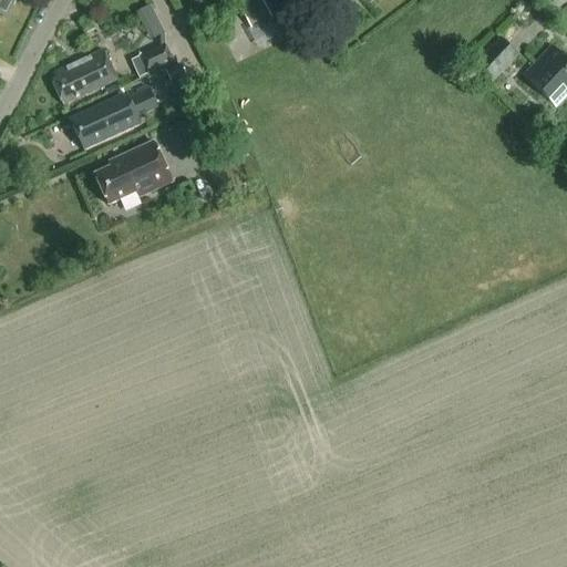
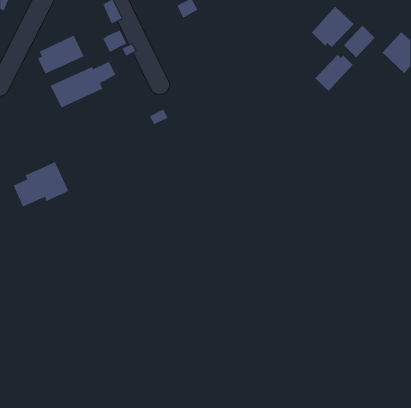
building: none -> [311,6,354,48]
building: none -> [315,54,353,92]
building: [94,141,172,204] -> [13,161,69,207]

